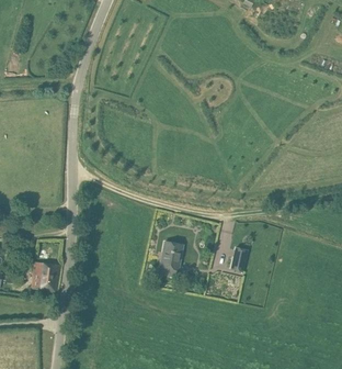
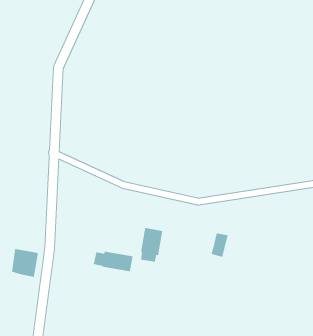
building: none -> [93,251,133,272]

